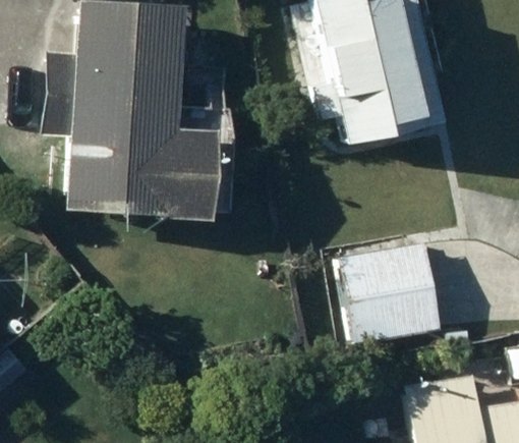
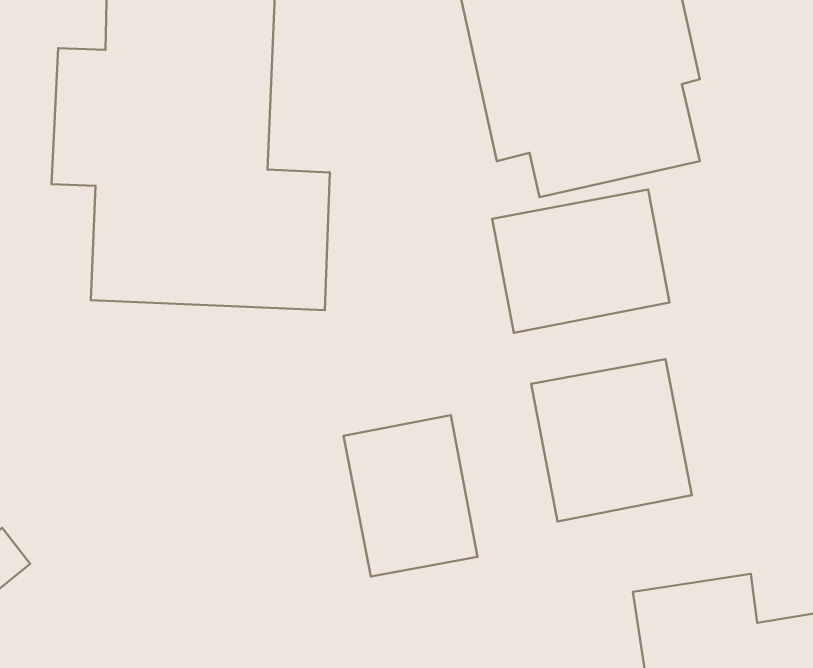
building: none -> [492,190,669,333]
building: none -> [343,415,477,577]

